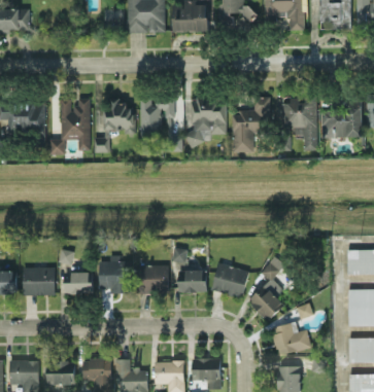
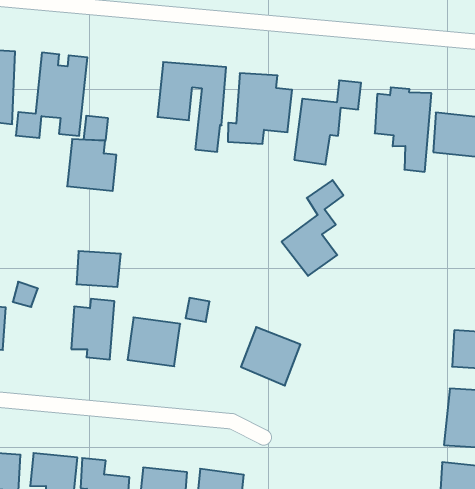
building: [105,100,135,132] -> [67,139,116,191]
building: [247,257,284,321] -> [282,180,343,276]
building: [178,270,206,293] -> none
building: [64,272,92,294] -> [76,251,121,287]
building: [272,323,309,354] -> none

